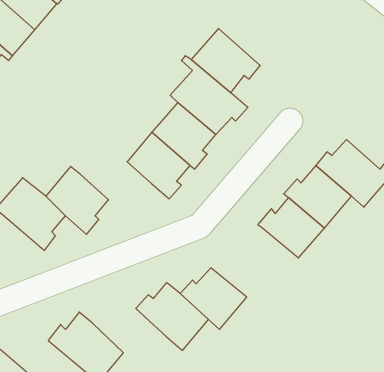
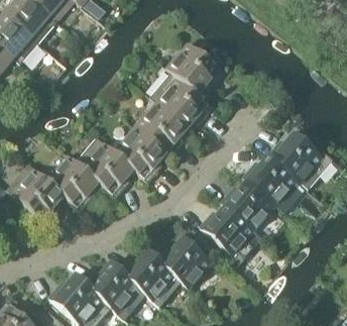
building: none -> [76,136,134,197]
building: none -> [200,205,261,265]
building: none -> [86,261,146,318]

